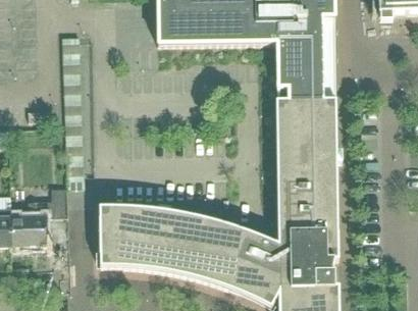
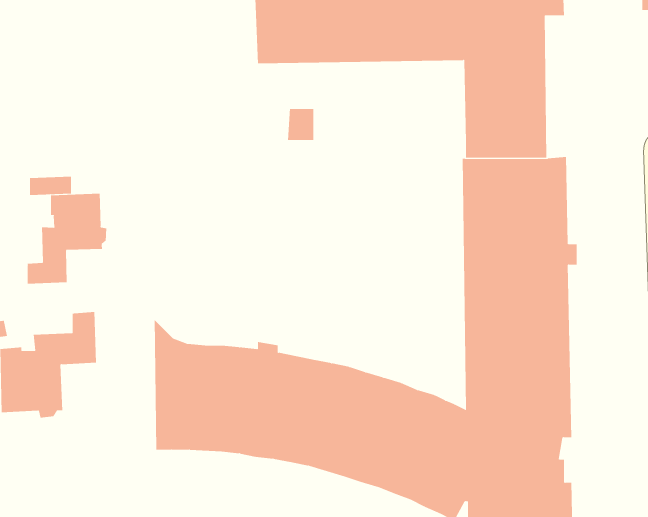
building: none -> [27,193,107,284]

